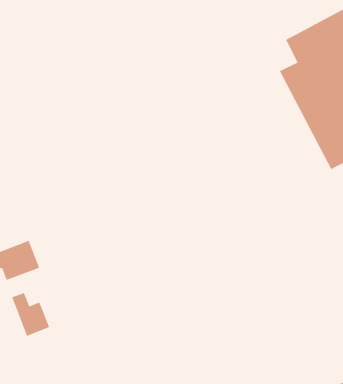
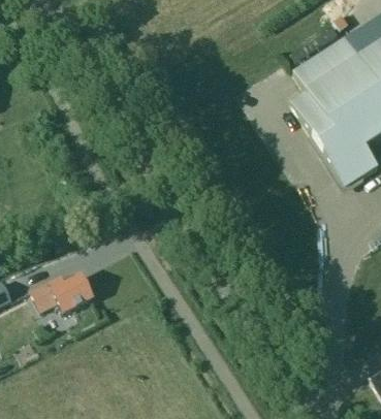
building: [11,292,50,337] -> none

